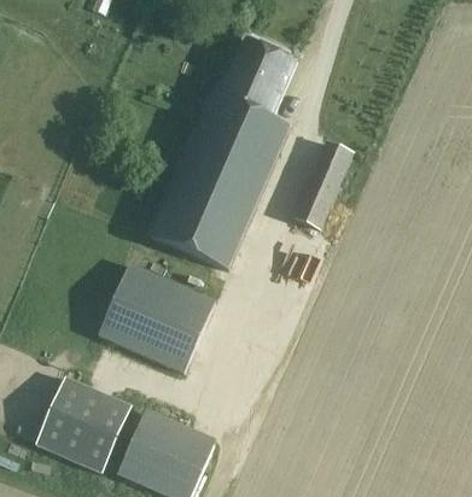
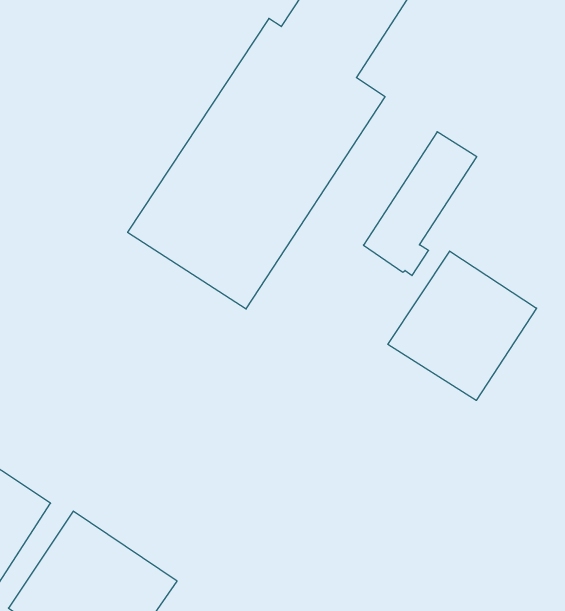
building: none -> [388,251,537,400]
building: [97,263,214,372] -> none

